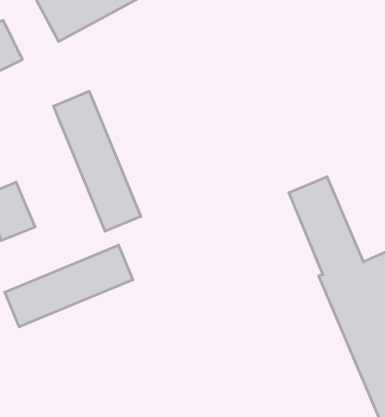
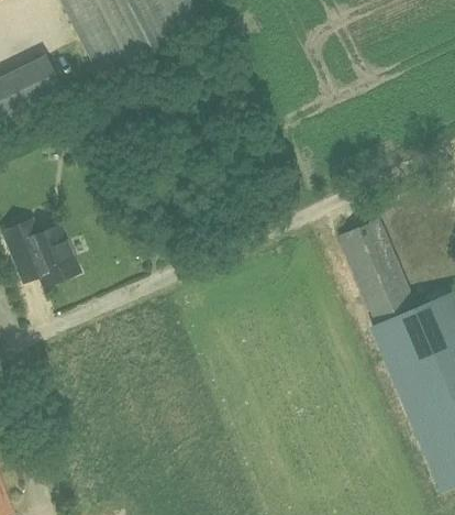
building: [53,91,141,231] -> none
building: [5,245,133,327] -> none

